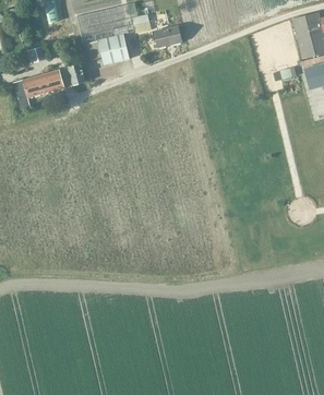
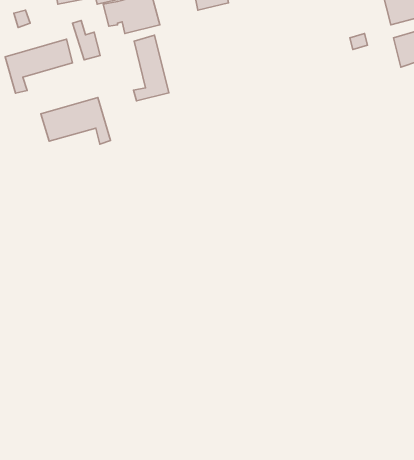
building: none -> [134,35,169,101]
building: none -> [41,98,110,144]

